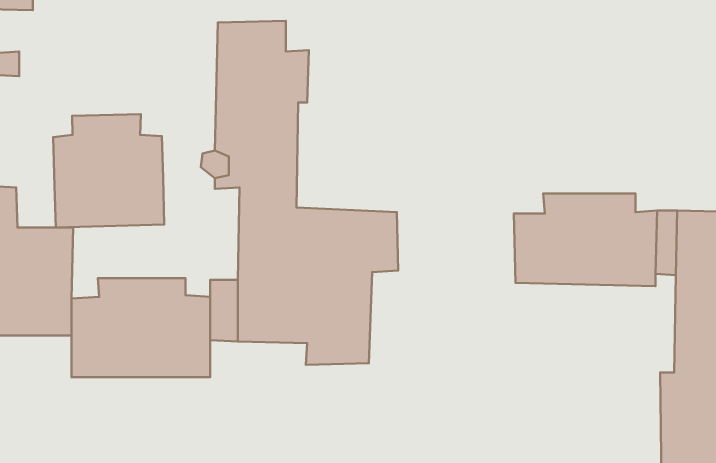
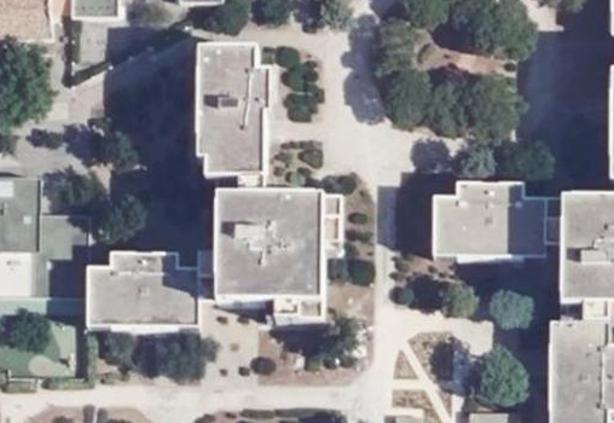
building: [53,114,164,227] -> none

